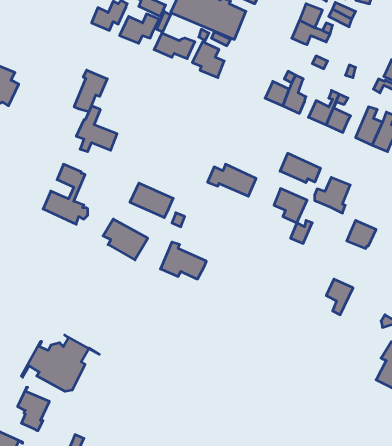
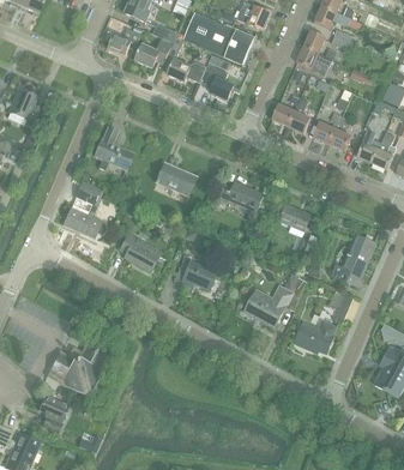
building: [74,70,107,112] -> none
building: [280,153,320,183] -> none
building: [315,177,350,213] -> [332,253,366,287]
building: [130,183,173,218] -> [155,162,195,194]
building: none -> [243,277,306,326]
building: none -> [294,320,336,352]

